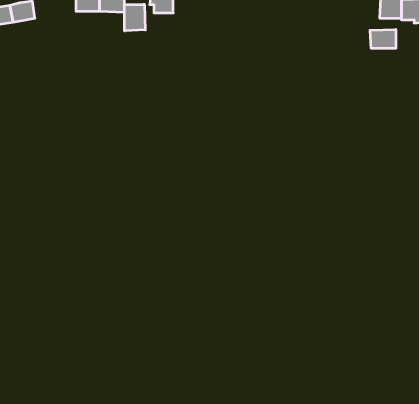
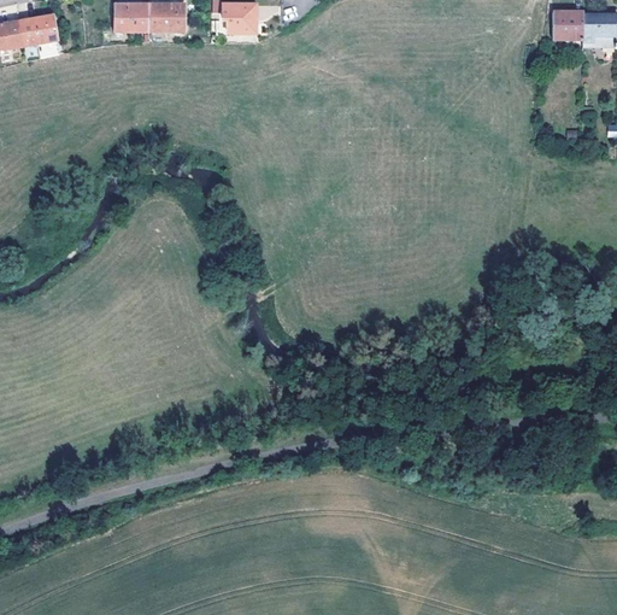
building: [125,4,145,31] -> none
building: [370,29,396,48] -> none

